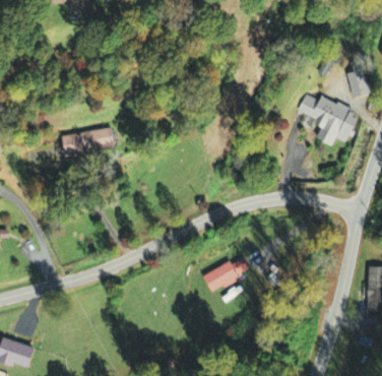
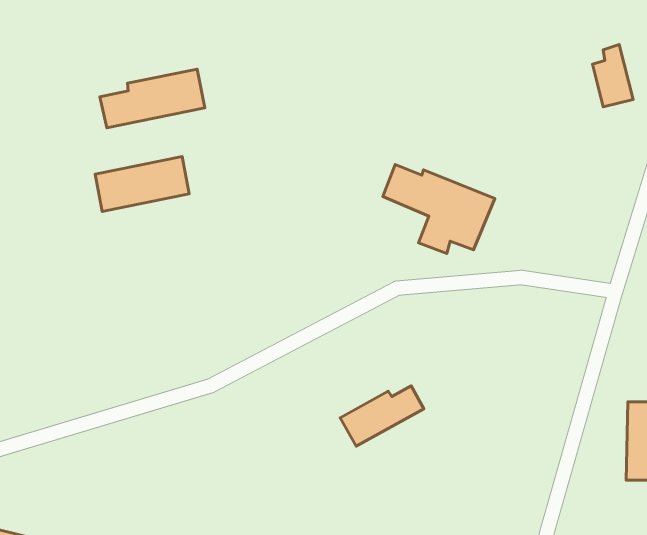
building: none -> [100,69,205,128]
building: [296,93,360,144] -> [383,165,495,253]

